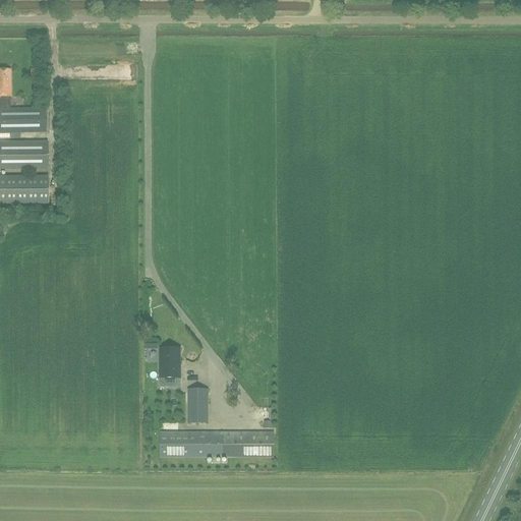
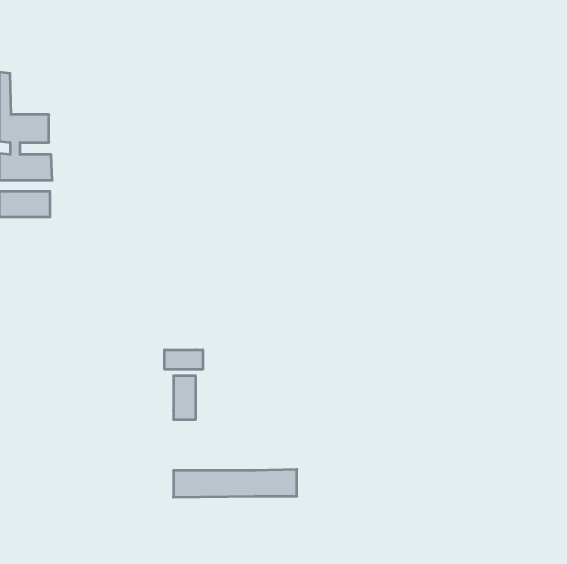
building: none -> [165,350,203,369]
building: [186,387,207,419] -> none

